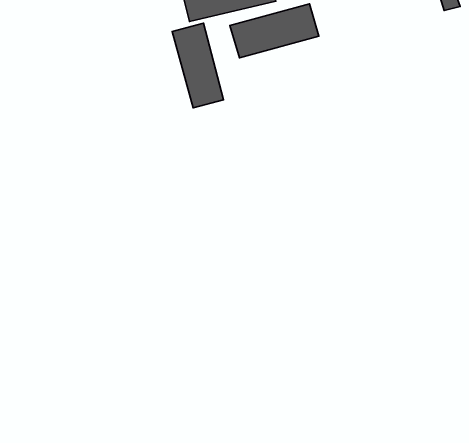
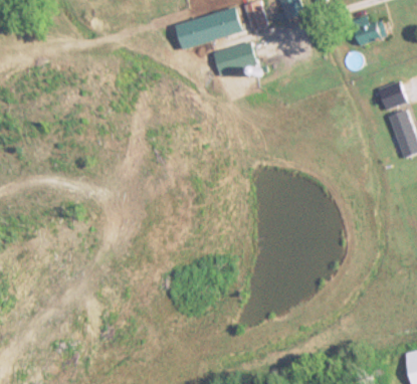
building: [172,23,224,108] -> none

